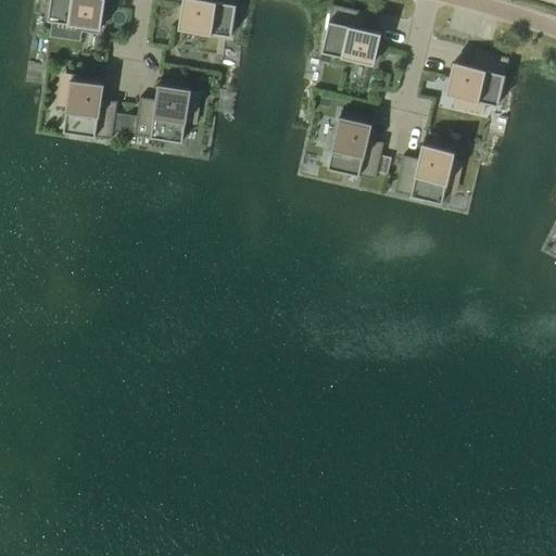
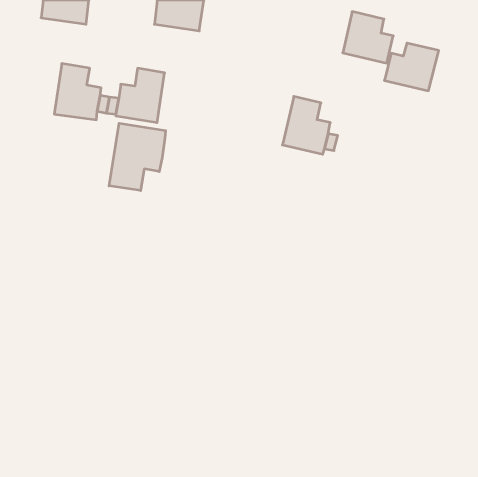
building: [321,5,380,65] -> [343,12,393,63]
building: [394,140,455,204] -> none
building: none -> [109,123,166,191]

